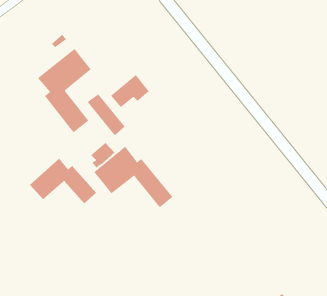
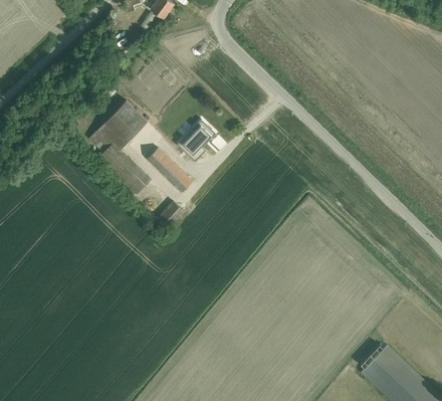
building: [93,146,173,208] -> none
building: [29,158,97,204] -> none

